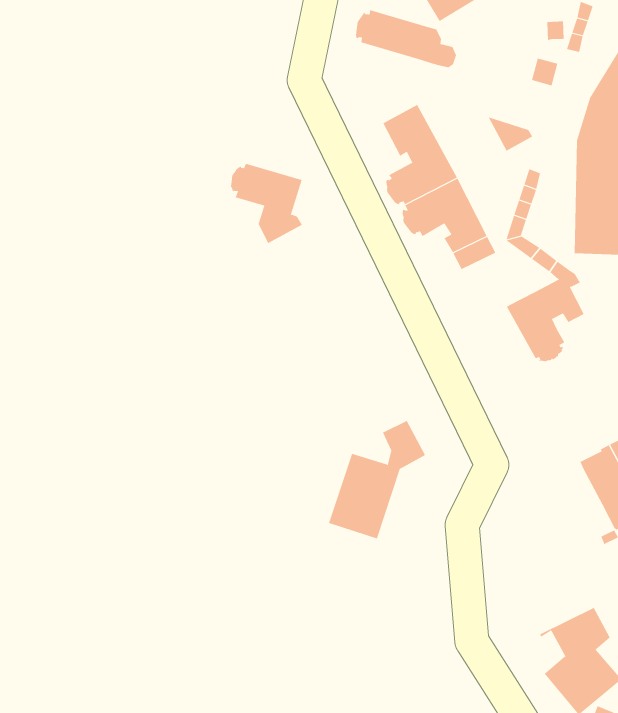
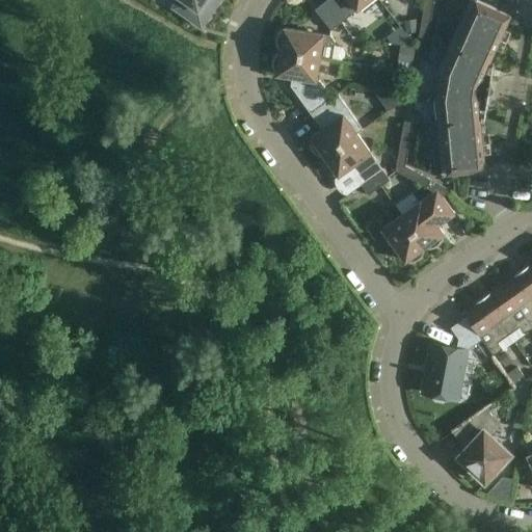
building: [230,163,303,244] -> [272,51,324,103]
building: none -> [366,215,425,262]
building: [328,420,426,539] -> [423,317,482,399]

